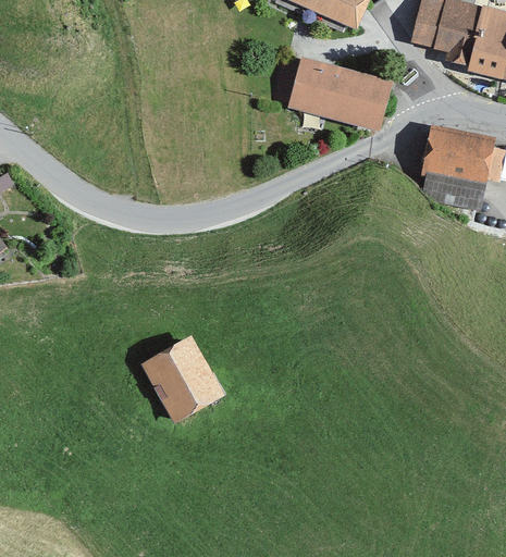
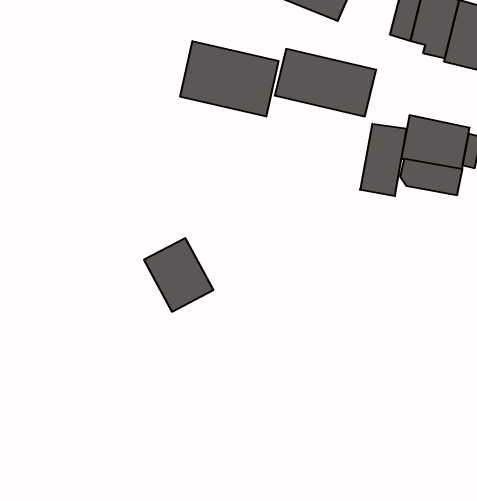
building: none -> [180,41,278,117]
building: none -> [360,124,407,196]
building: [147,339,220,417] -> [144,238,213,312]

